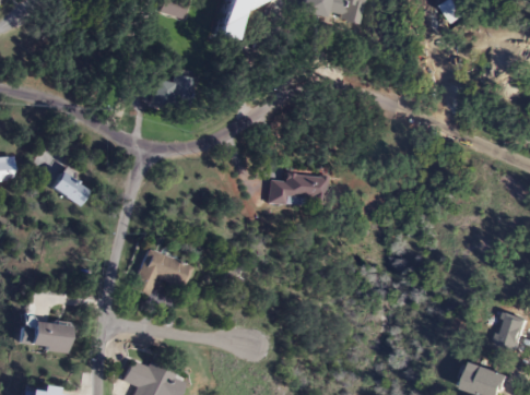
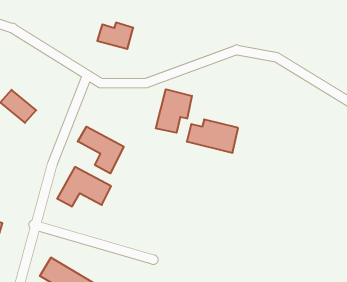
building: none -> [156,89,192,133]
building: none -> [78,127,124,173]

